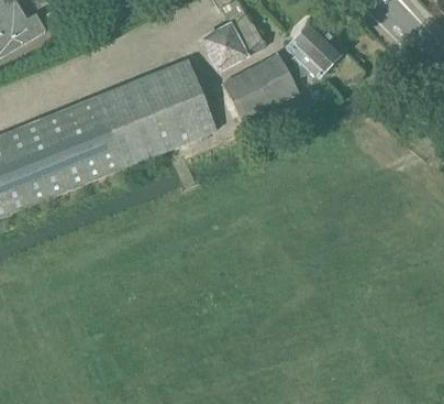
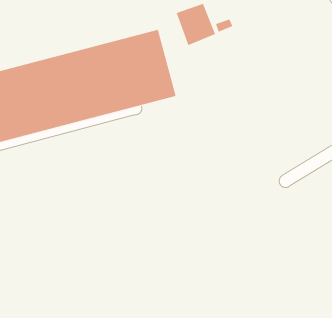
building: [223,20,345,120] -> none

